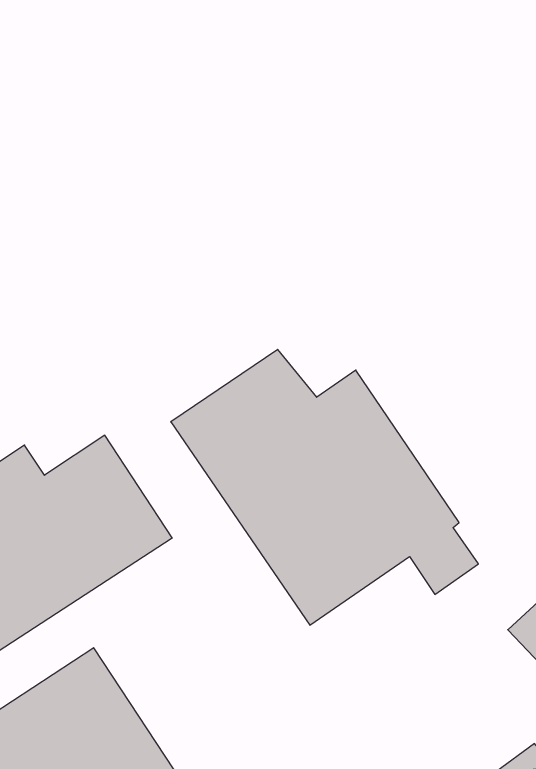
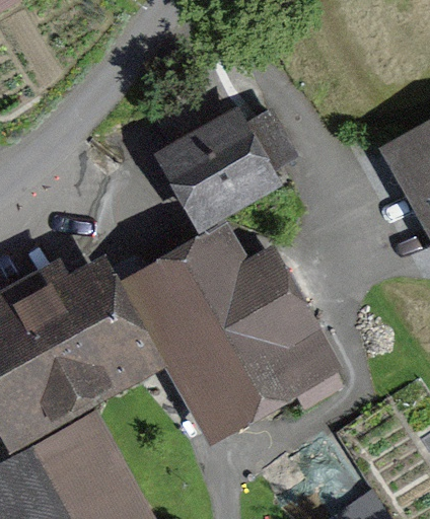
building: none -> [172,112,286,206]

